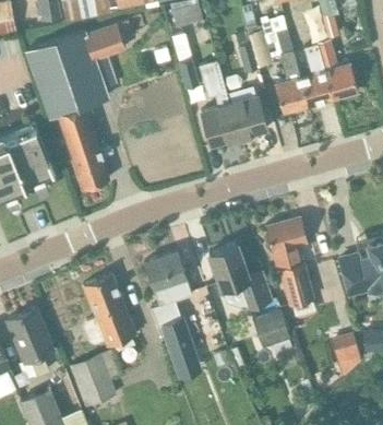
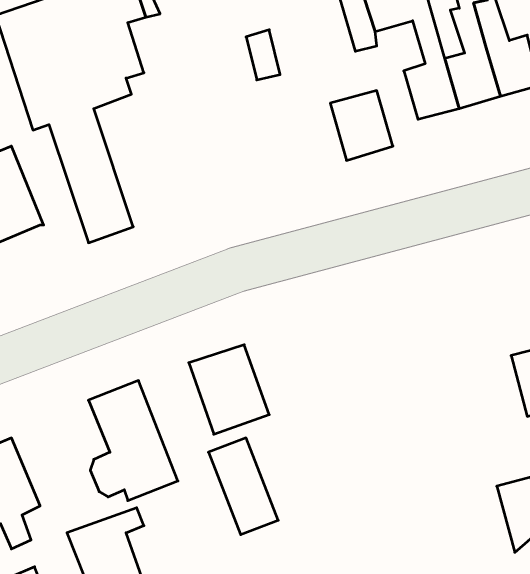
building: [199,61,239,146] -> none
building: [265,217,314,307] -> none
building: [207,244,273,311] -> none
building: [252,309,291,354] -> none

